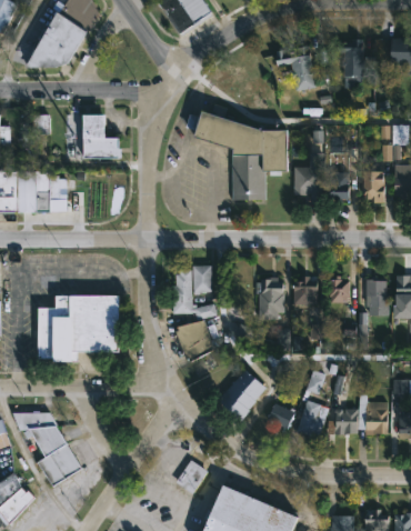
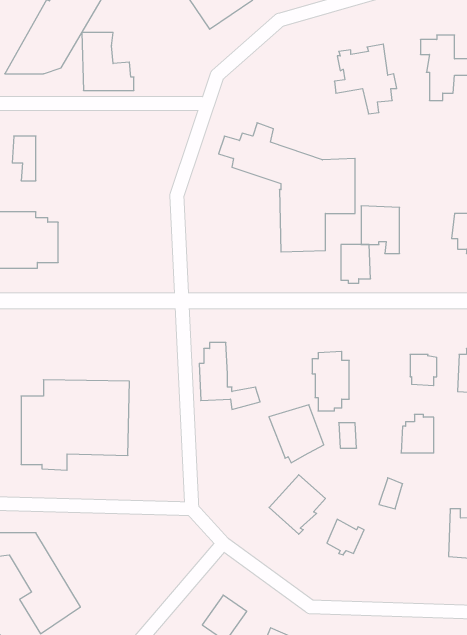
building: [82,116,121,159] -> [82,32,134,90]
building: [328,173,350,202] -> [341,245,371,283]
building: [192,263,212,293] -> none
building: [292,273,317,302] -> [401,414,434,453]
building: [173,318,214,361] -> [269,405,324,463]
building: [297,399,324,438] -> none
building: [334,408,358,433] -> none

